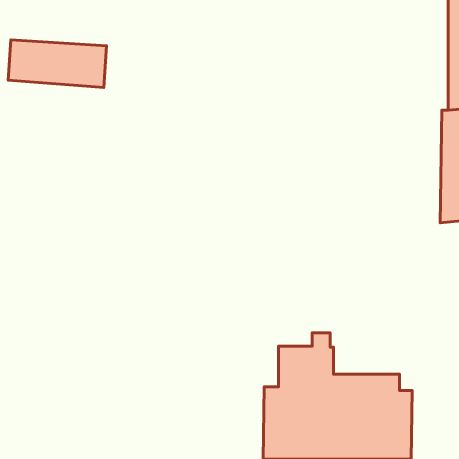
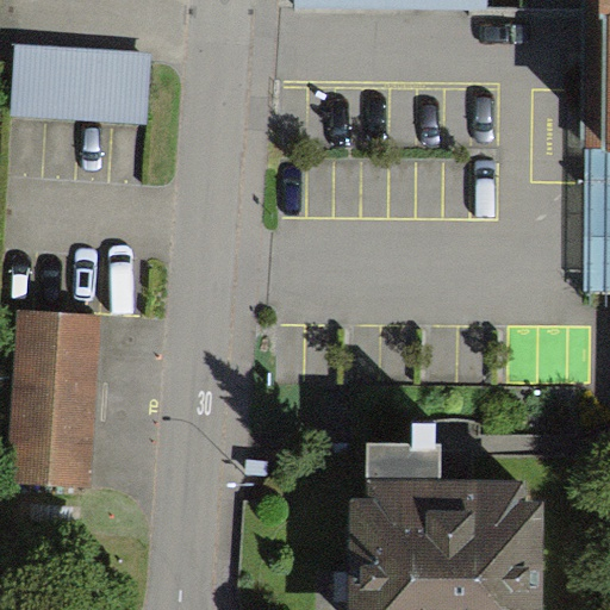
building: none -> [12,319,97,485]

